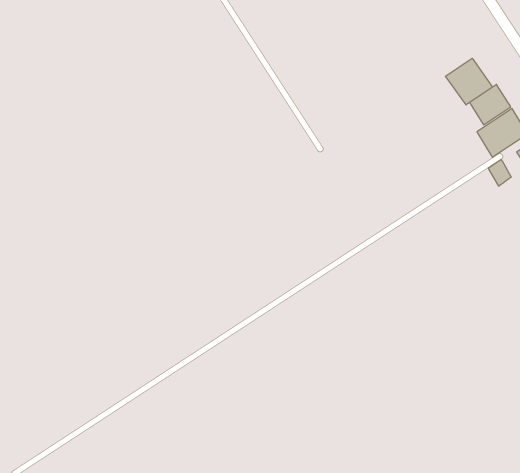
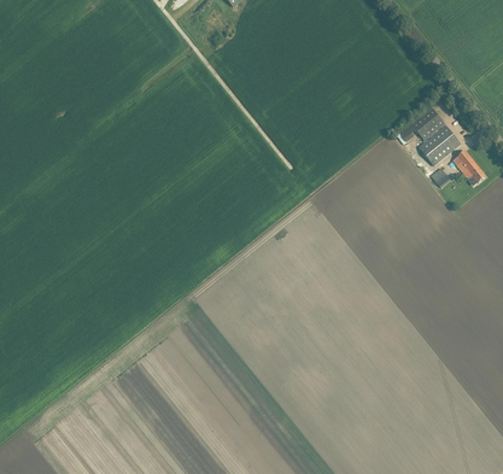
building: [446,58,493,105] -> none

